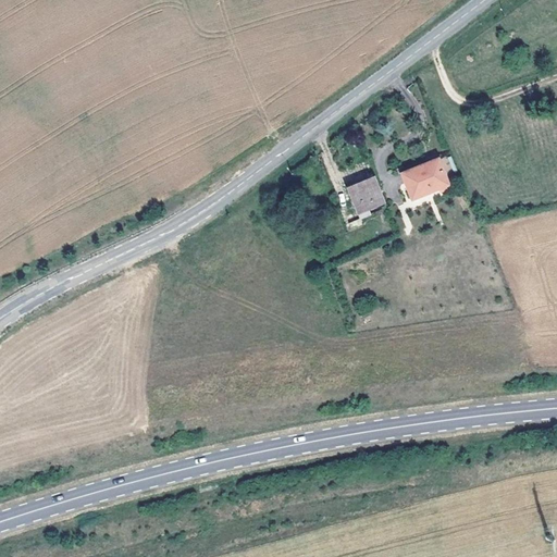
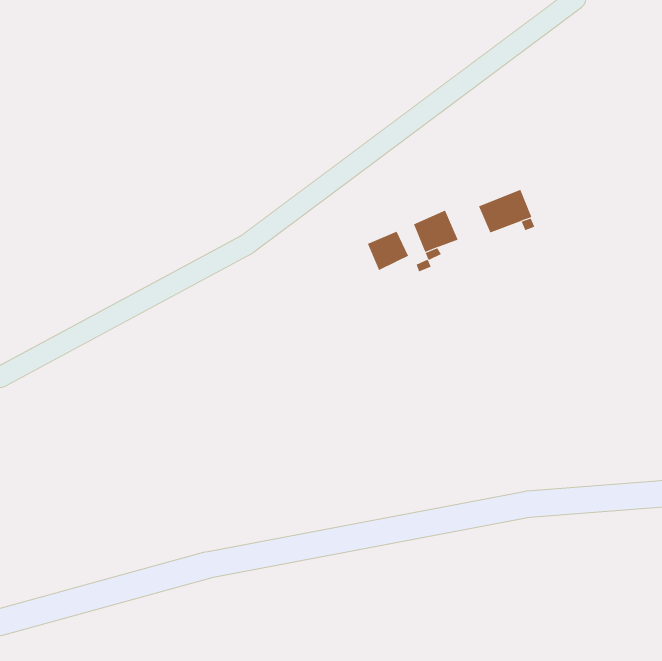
building: none -> [367,231,409,271]

